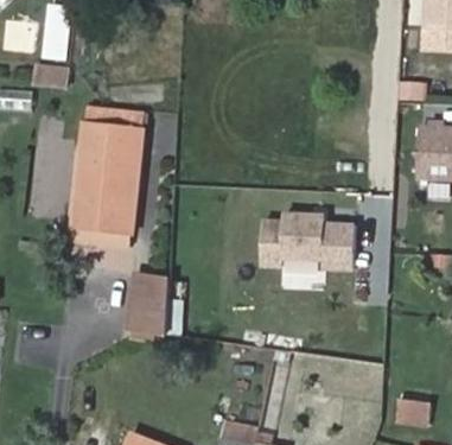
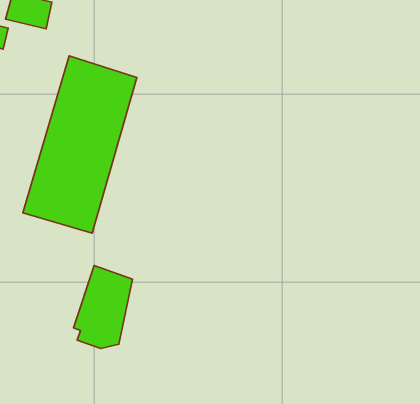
building: [261,218,355,265] -> none

